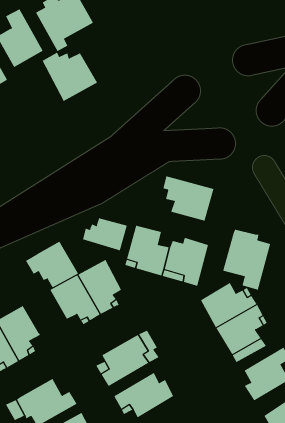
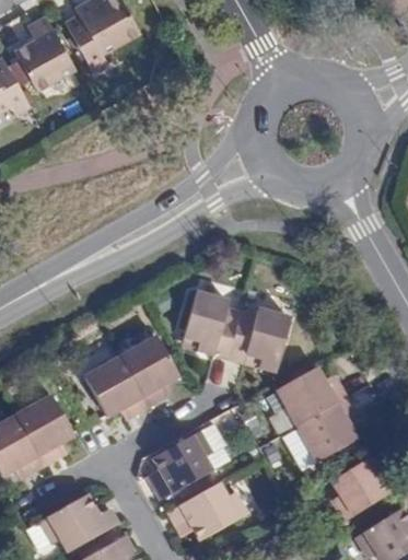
building: [42,52,98,102] -> none
building: [163,176,214,221] -> none
building: [82,218,127,251] -> none
building: [223,229,271,291] -> none
building: [25,241,79,288] -> none

